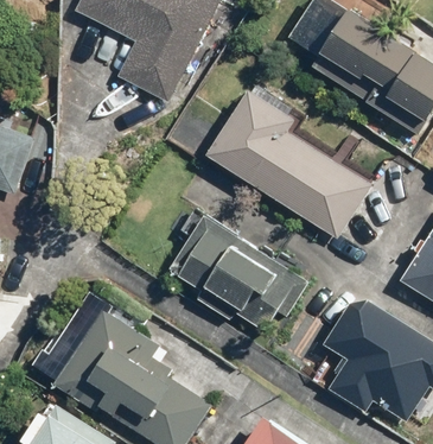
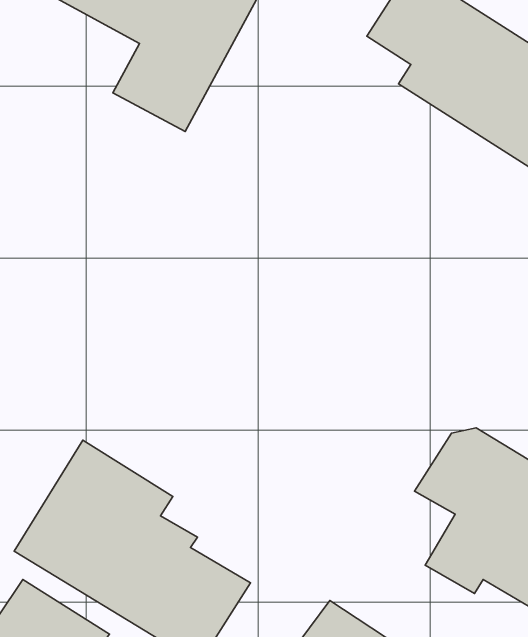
building: [205,88,370,240] -> none
building: [167,213,312,348] -> none

